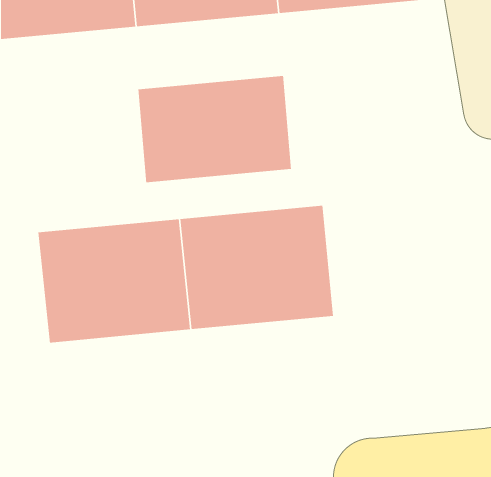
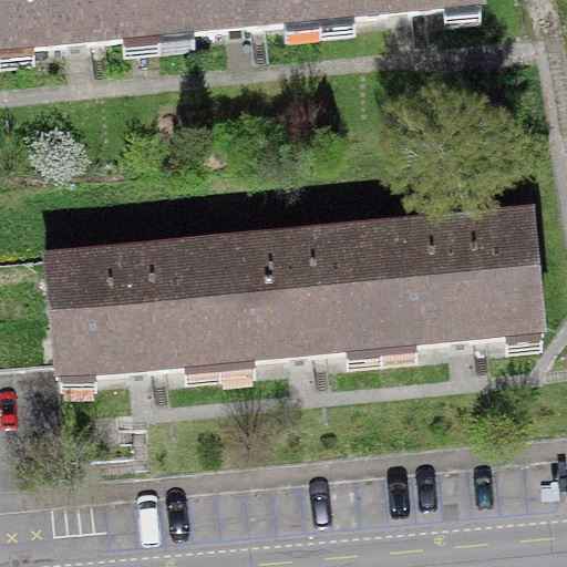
building: [138,75,291,183] -> none
building: none -> [373,220,539,363]

